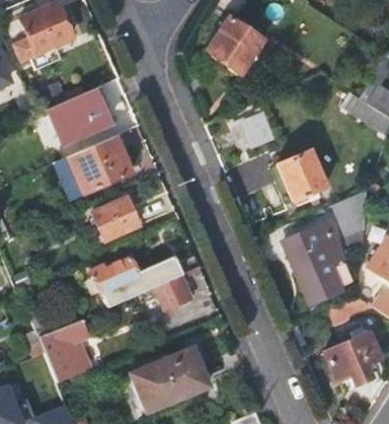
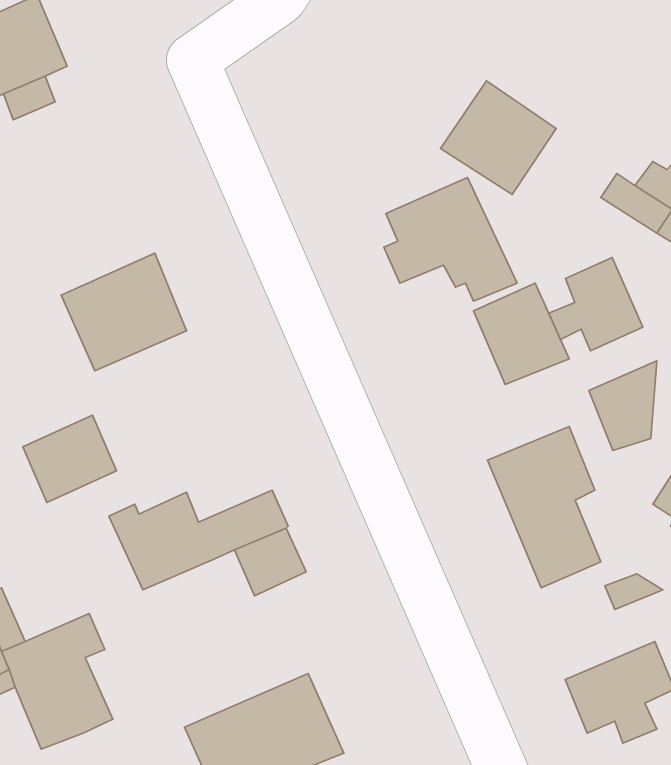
building: [204,20,262,78] -> [441,81,556,194]
building: [48,87,110,144] -> none
building: none -> [549,258,643,351]
building: [93,196,141,240] -> [23,415,116,503]

